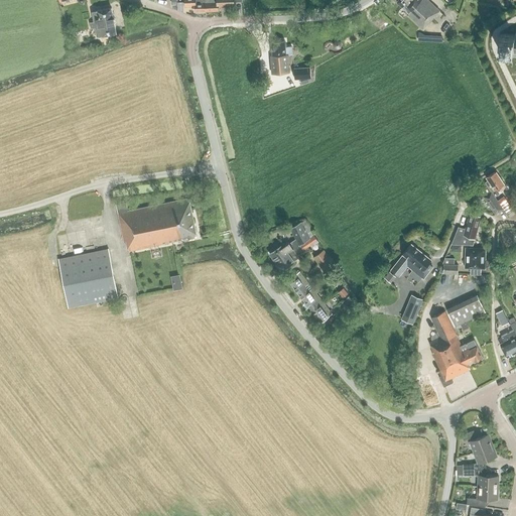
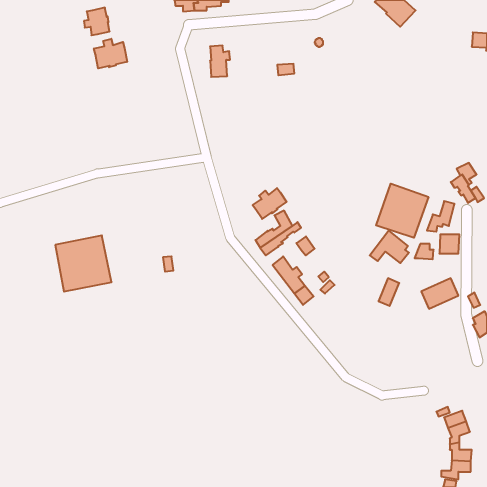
building: [271,40,292,74] -> [210,46,230,77]
building: none -> [94,39,127,68]
building: none -> [376,184,428,238]
building: [116,199,197,251] -> none
building: none -> [253,188,287,219]
building: [429,311,482,387] -> none

